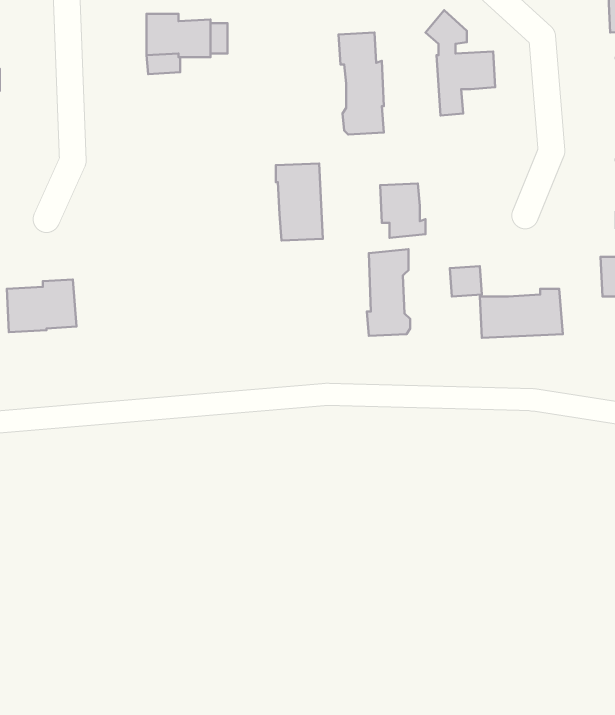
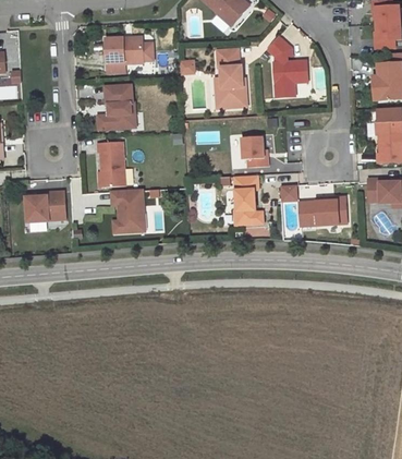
building: none -> [101,85,135,129]
building: [276,163,323,241] -> [98,142,125,186]
building: none -> [111,190,145,232]

